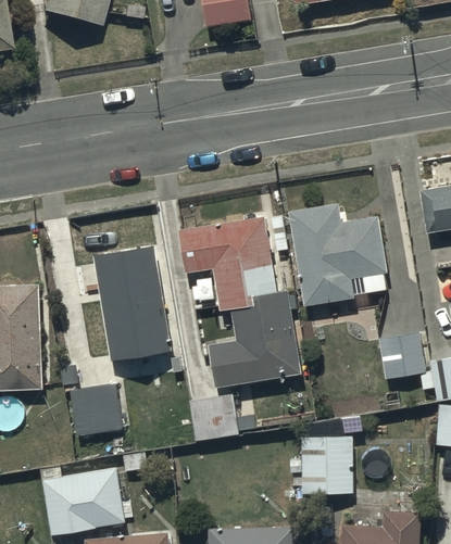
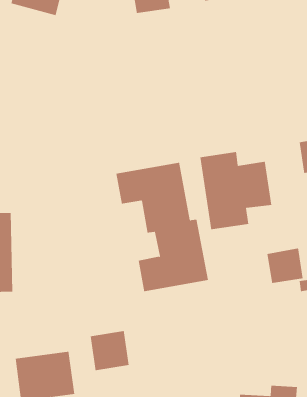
building: [95,248,174,360] -> none
building: [71,382,123,435] -> [90,330,130,371]
building: [301,437,349,494] -> none

